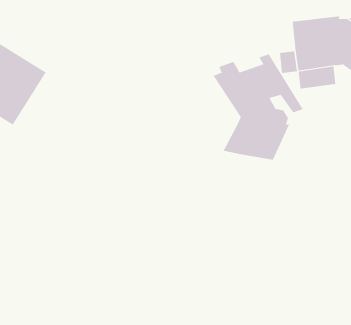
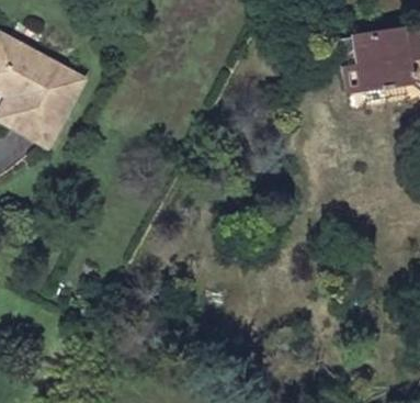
building: [213,54,303,161] -> none

